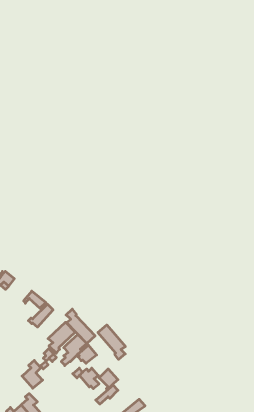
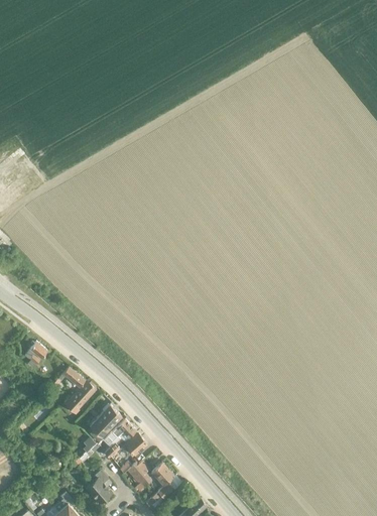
building: [66,309,95,343] -> none
building: [98,325,125,359] -> none
building: [22,360,43,388] -> [86,469,111,503]

